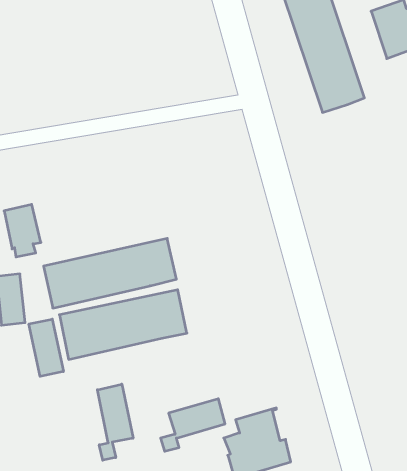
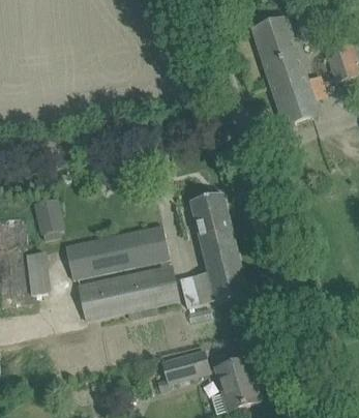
building: none -> [178,192,246,306]
building: [29,319,63,376] -> none
building: [97,384,133,460] -> none

